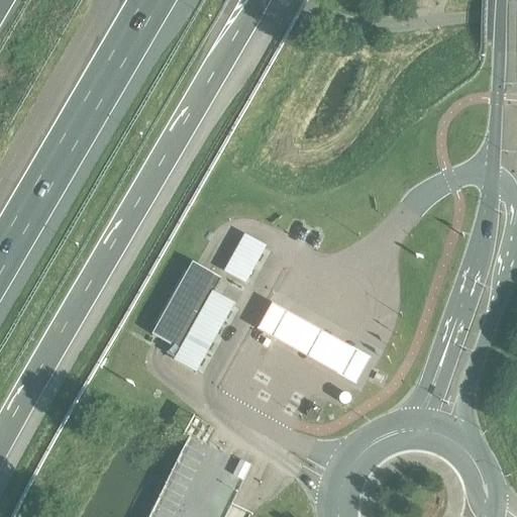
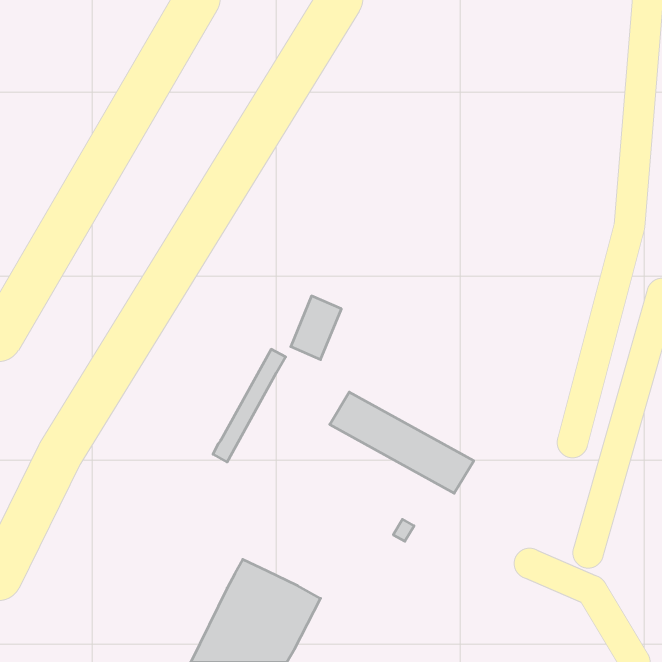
building: [152,261,211,342] -> none
building: [177,290,234,370] -> none

